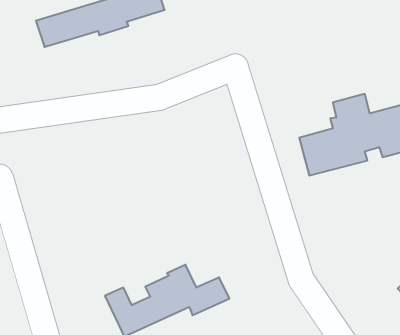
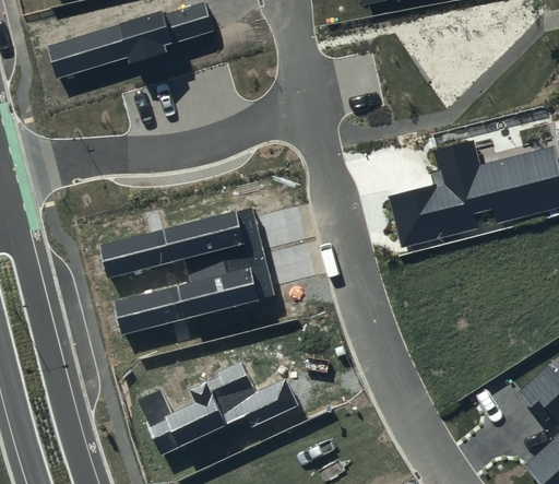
building: none -> [100,205,275,332]

